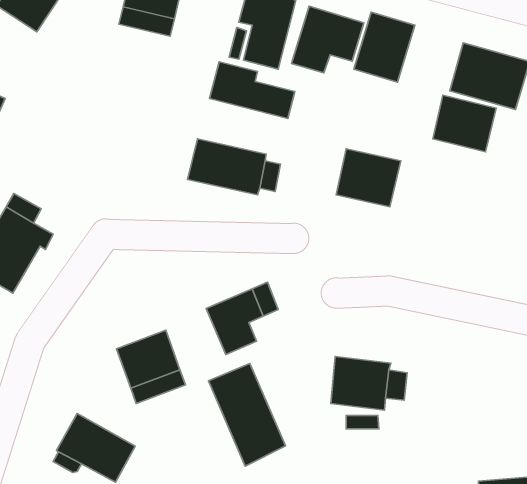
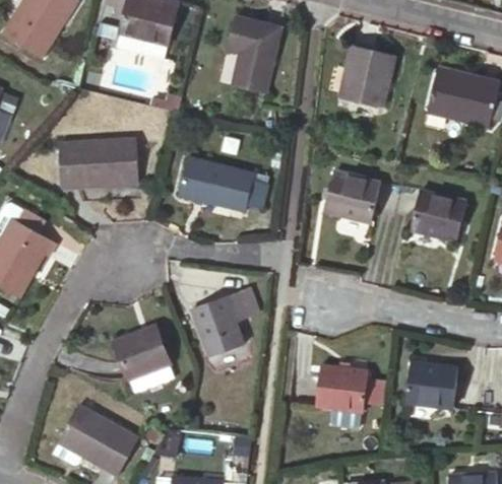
building: [291,6,364,73] -> none
building: [209,62,295,118] -> none
building: [433,95,496,152] -> [412,189,470,241]
building: none -> [59,138,139,188]
building: none -> [404,354,459,403]
building: [208,363,286,466] -> none

